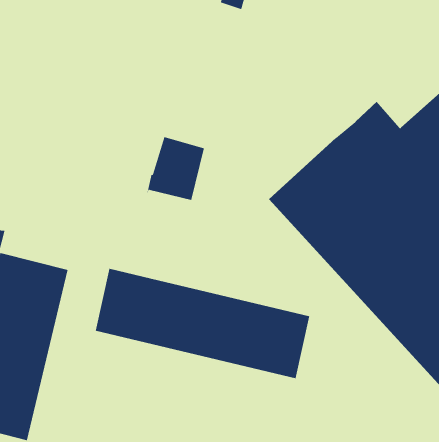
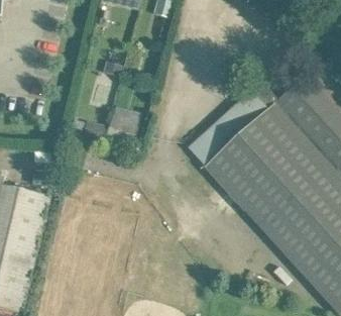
building: [95,268,310,379] -> none

